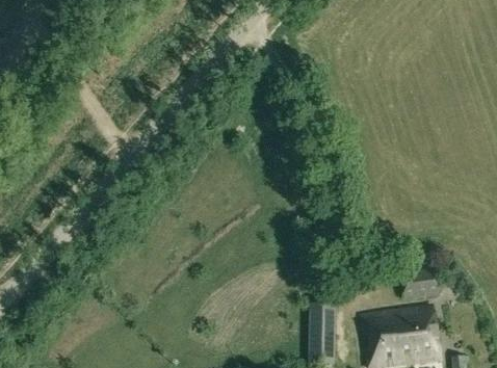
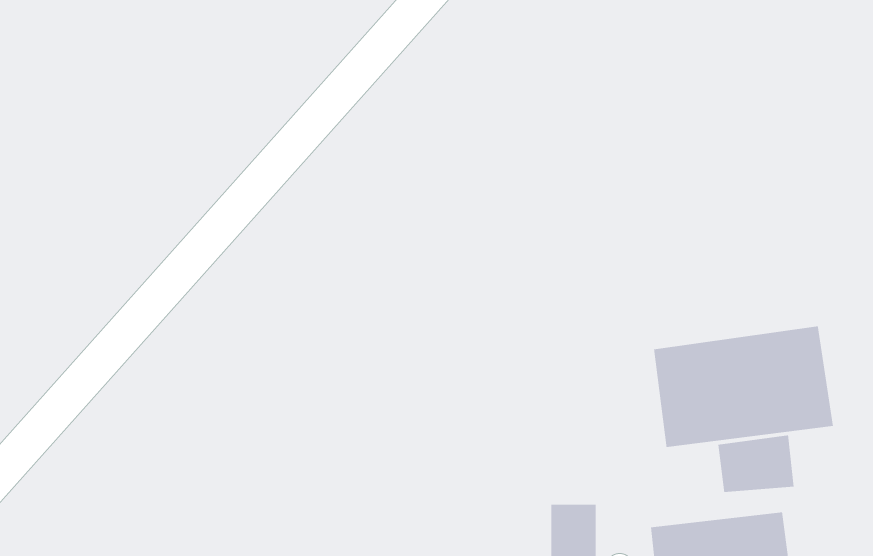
building: none -> [654,326,834,448]

